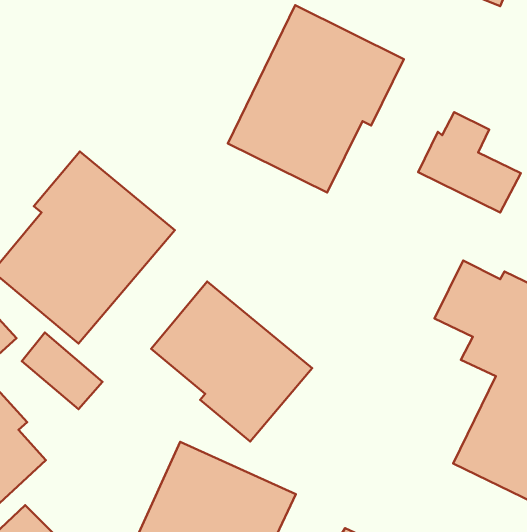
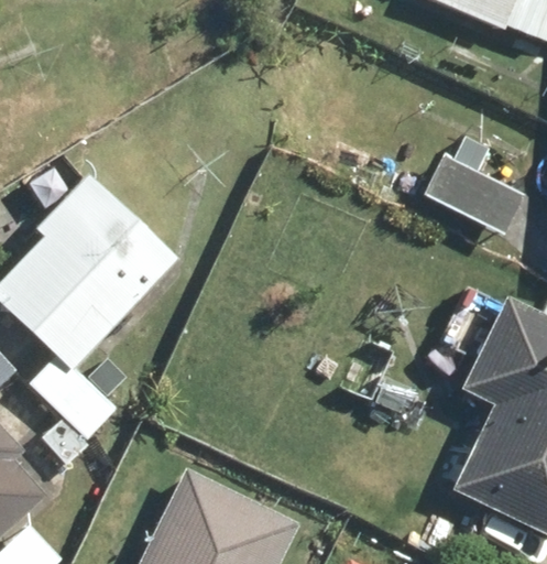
building: [228,5,404,192] -> none
building: [151,282,312,442] -> none

